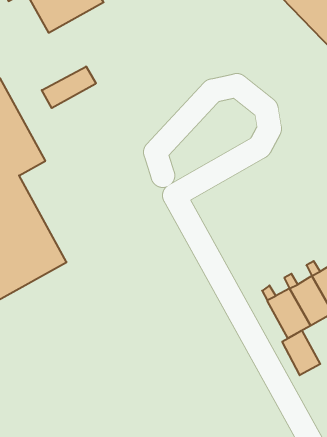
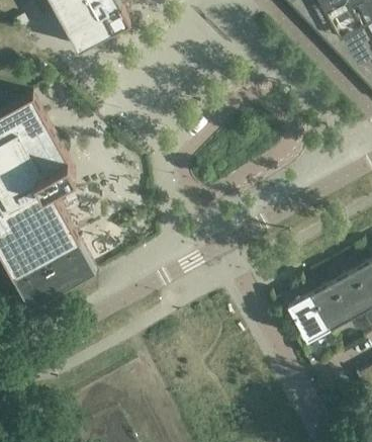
building: [42,66,96,108] -> none
building: [282,331,320,375] -> none

